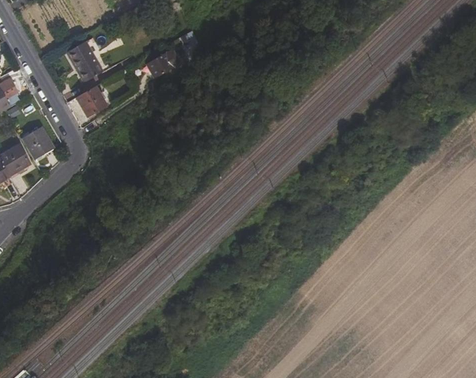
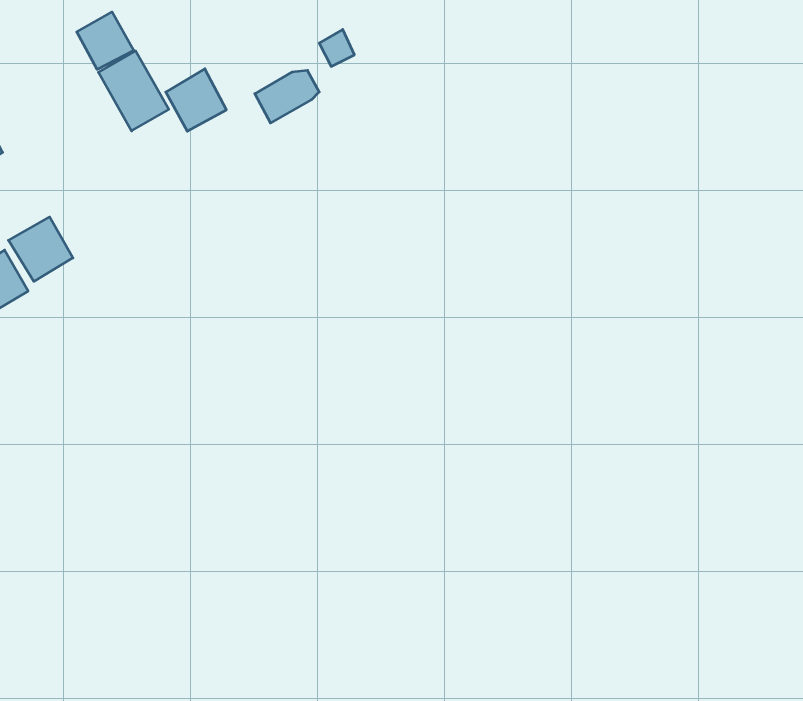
building: none -> [77,12,134,69]
building: [75,85,106,117] -> [166,69,226,131]

